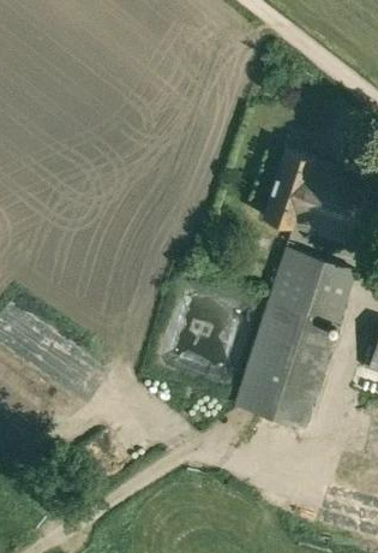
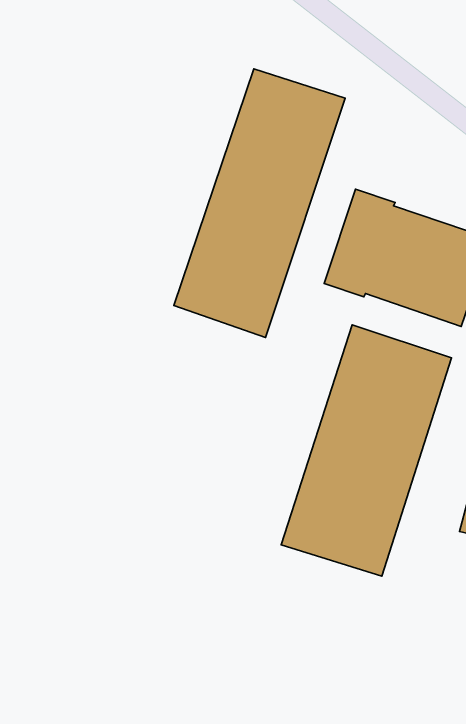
building: none -> [174,69,345,337]

